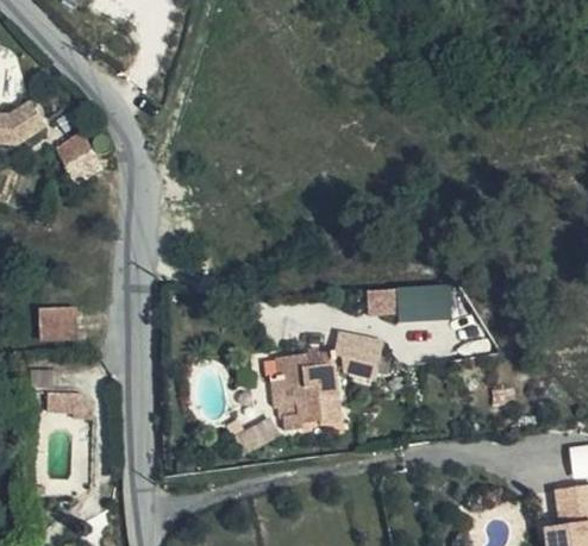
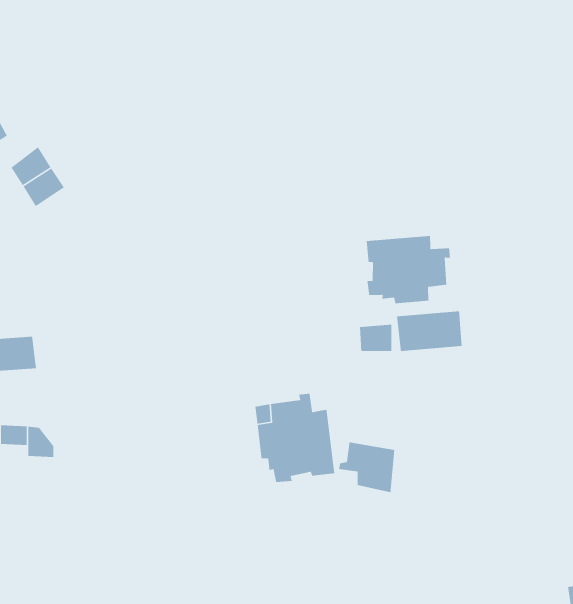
building: none -> [366,235,451,304]
building: [327,337,379,383] -> [338,442,395,493]

